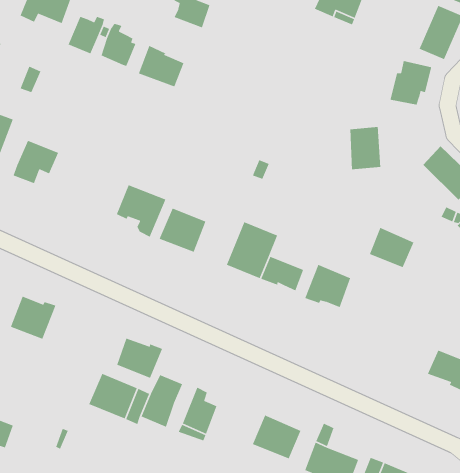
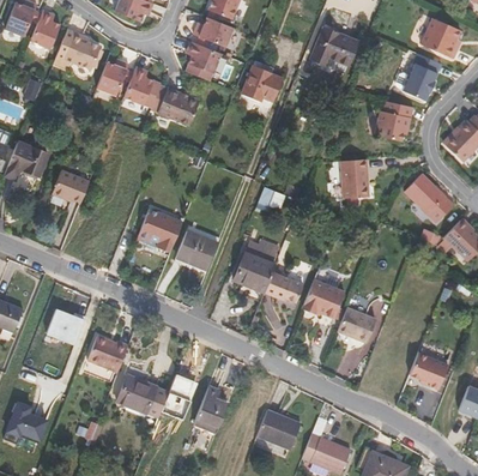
building: none -> [240,65,282,101]
building: [369,227,414,268] -> [337,306,376,342]
building: [116,338,163,379] -> [87,336,128,372]

